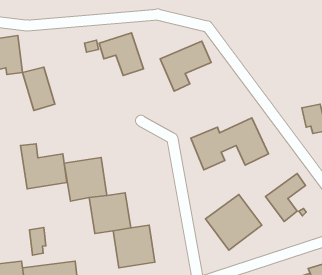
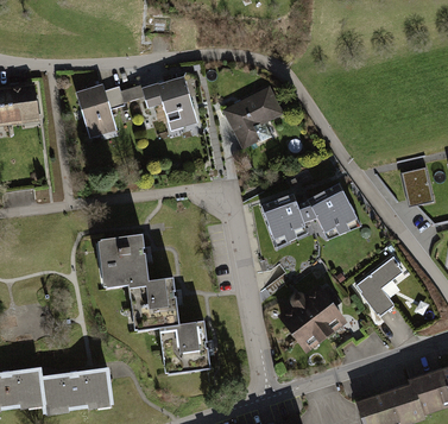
building: [23,67,55,111] -> [77,84,119,140]
building: [21,144,67,189] -> none
building: [30,227,46,255] -> none

